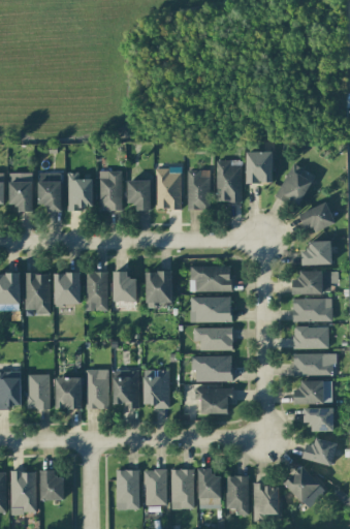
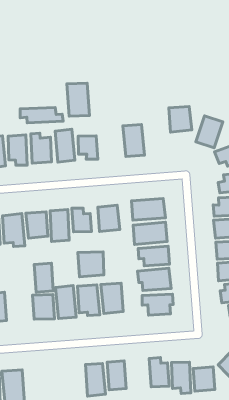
building: none -> [20,107,63,123]
building: [215,160,242,203] -> none
building: [155,167,181,210] -> [67,83,90,116]
building: none -> [78,252,104,277]
building: [28,374,50,409] -> [34,263,53,292]
building: [170,469,194,509] -> none
building: [40,470,65,500] -> none

